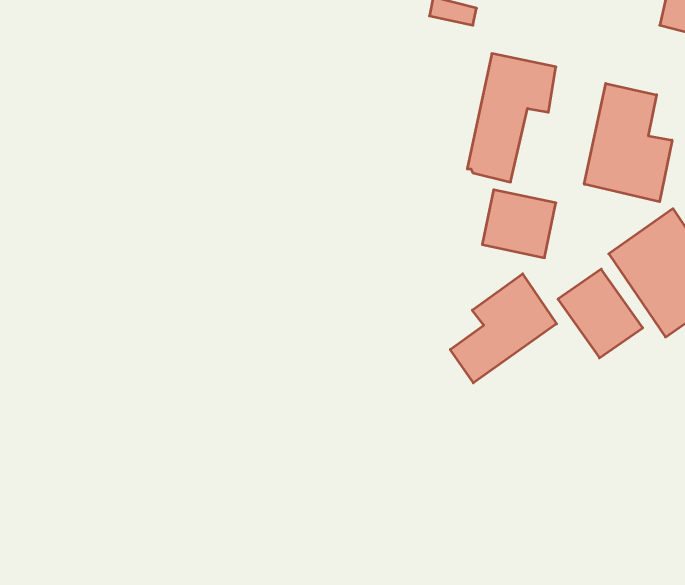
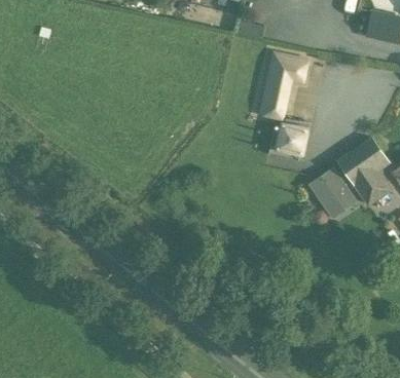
building: [584,83,672,202] -> none
building: [450,274,557,383] -> none

